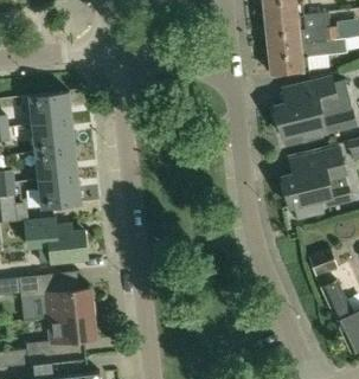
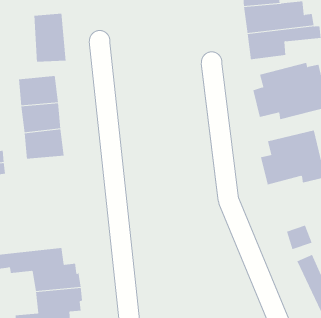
building: none -> [34,13,66,63]
building: [37,175,79,207] -> none
building: [24,218,85,263] -> none

